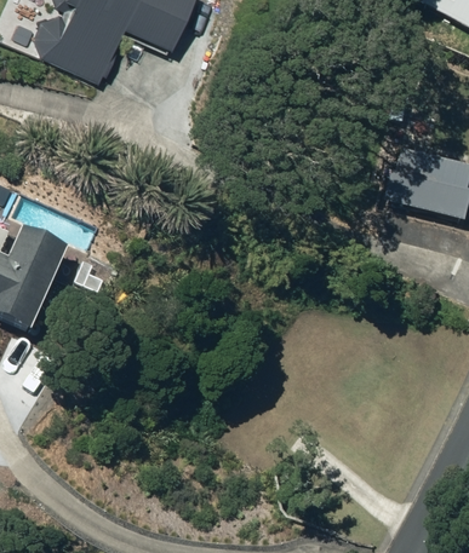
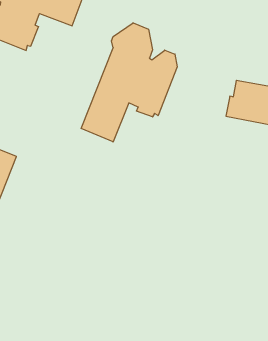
building: none -> [81,23,177,142]

